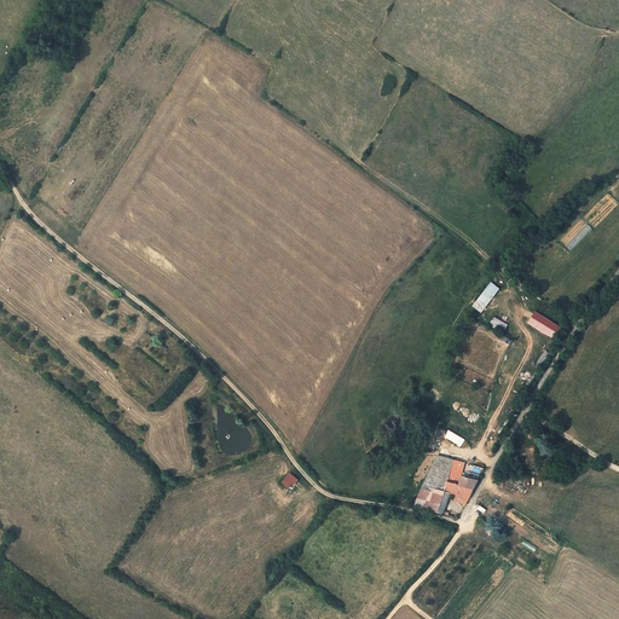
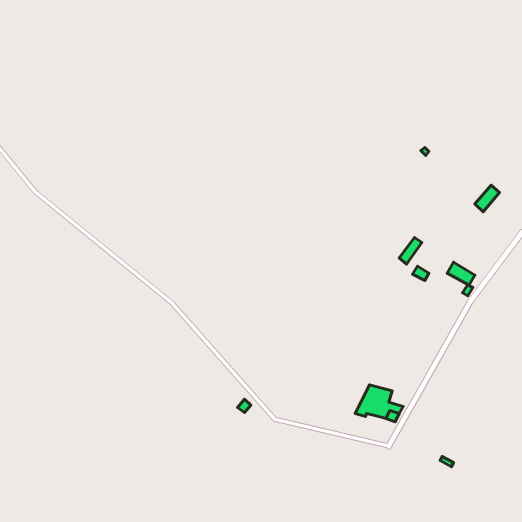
building: [411,488,447,514] -> none

